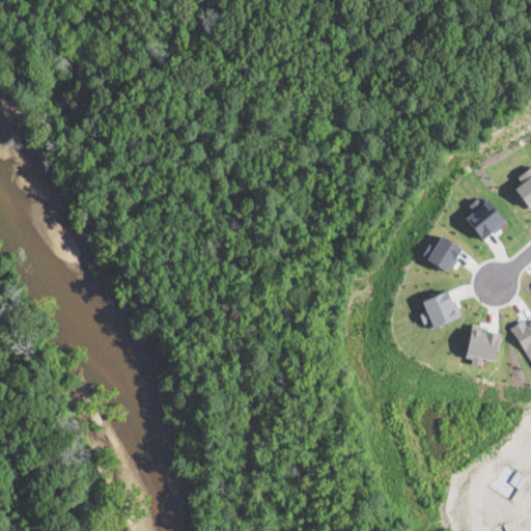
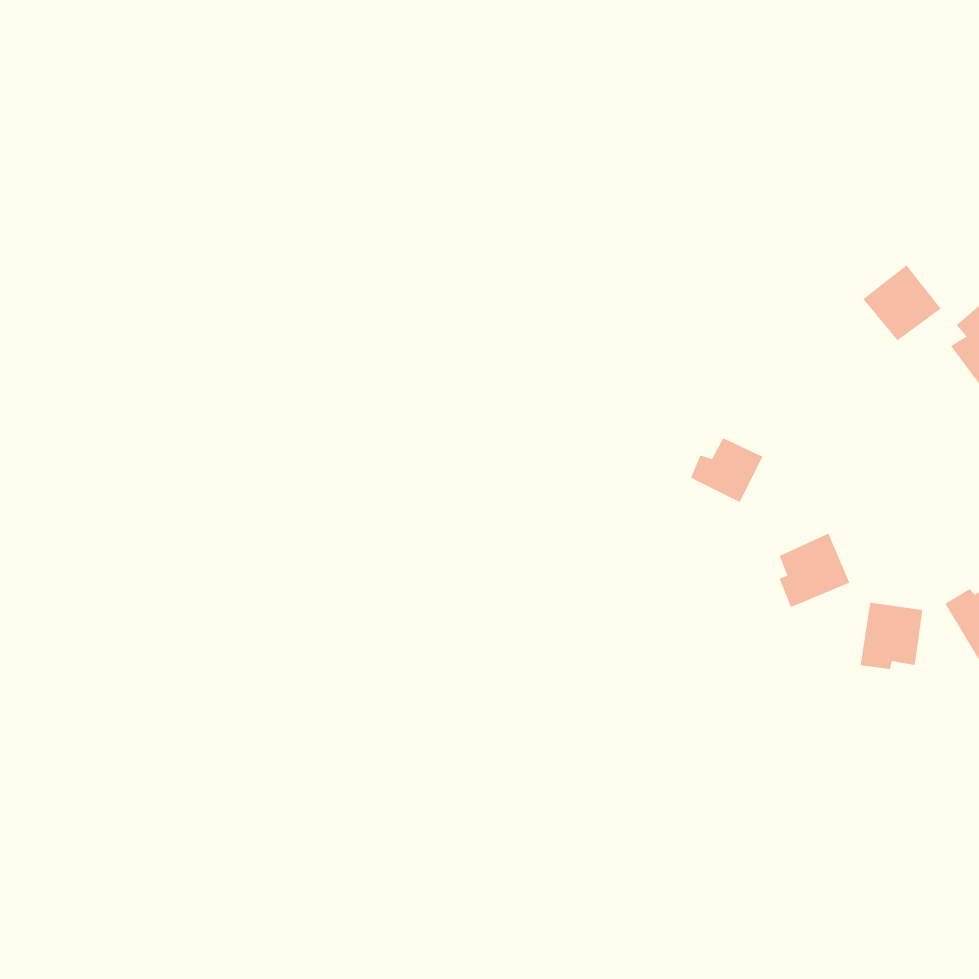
building: [465,199,507,241] -> [863,264,941,341]
building: [422,235,462,271] -> [690,437,763,503]

